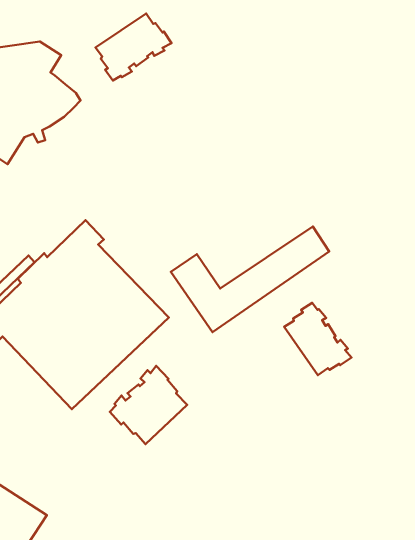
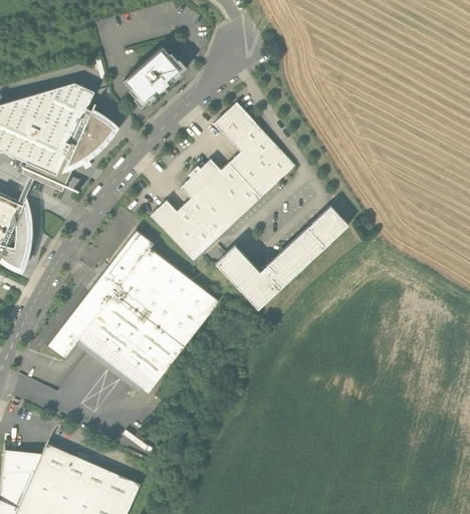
building: none -> [150,102,294,260]
building: [284,303,351,375] -> none
building: [110,366,187,444] -> none

